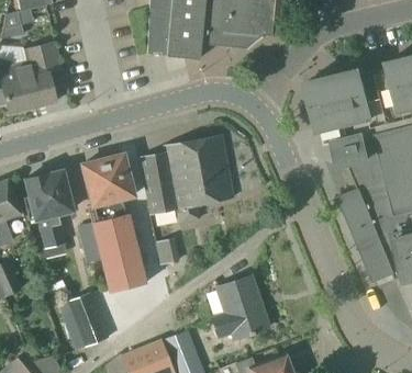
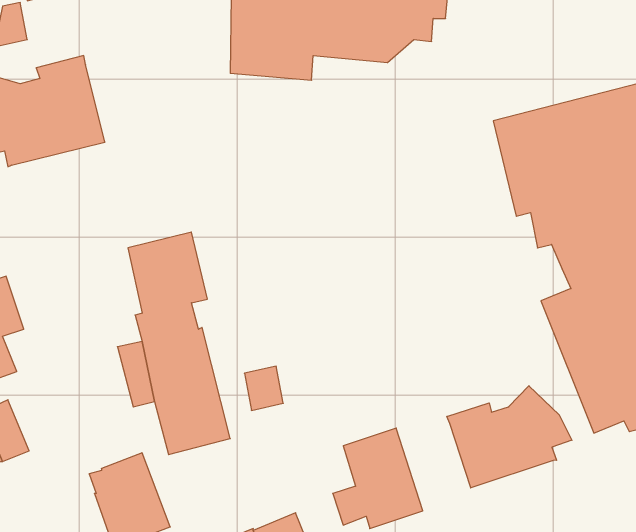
building: [141,136,232,224] -> none
building: [24,171,71,260] -> none
building: none -> [447,386,572,488]

